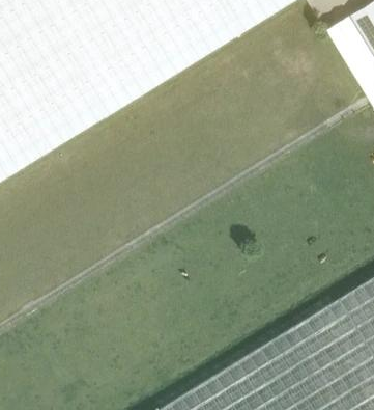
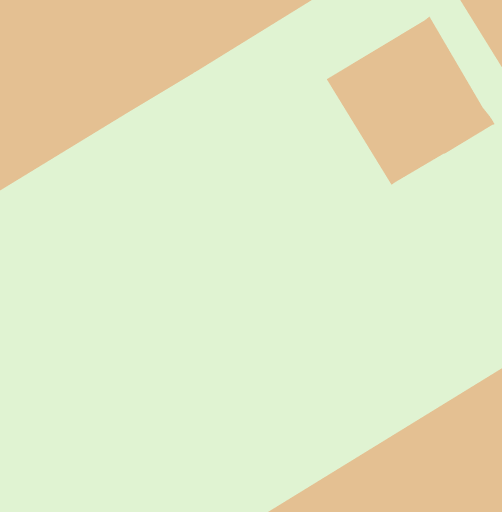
building: none -> [326,15,495,186]

